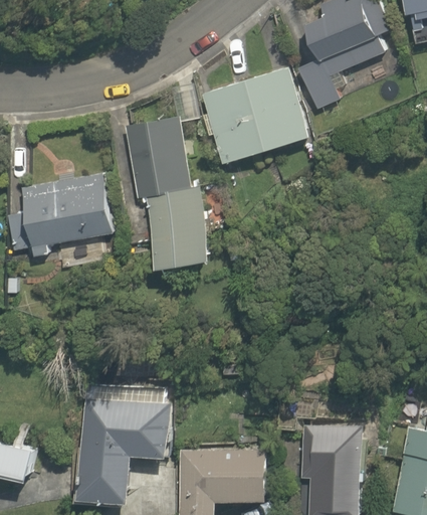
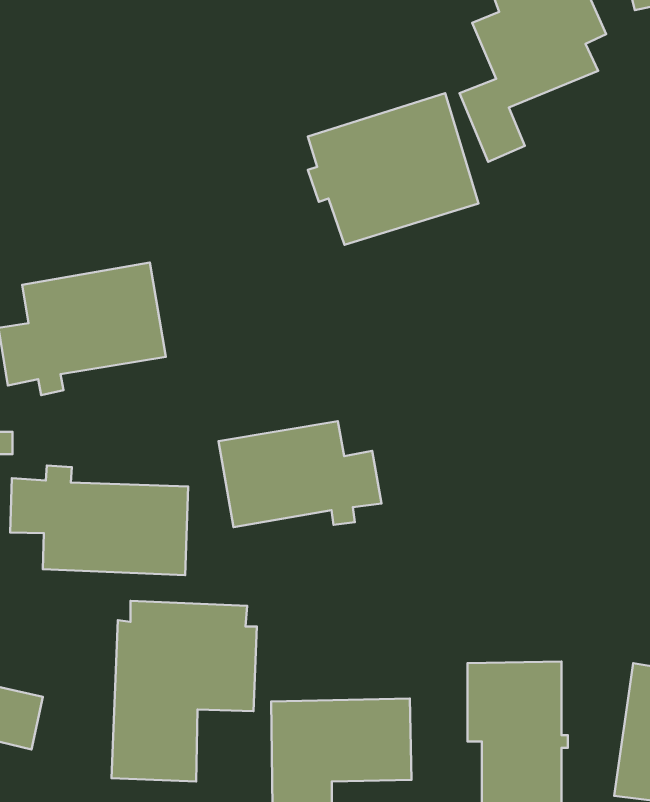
building: [124,84,211,269] -> none
building: none -> [219,421,381,527]
building: none -> [10,465,188,575]

